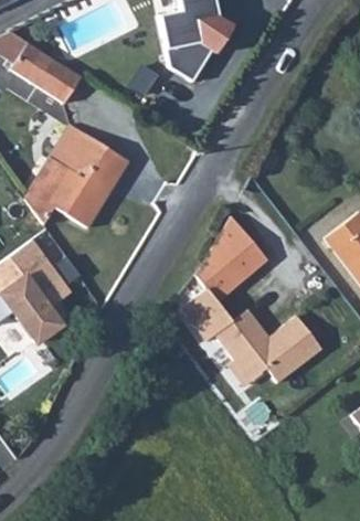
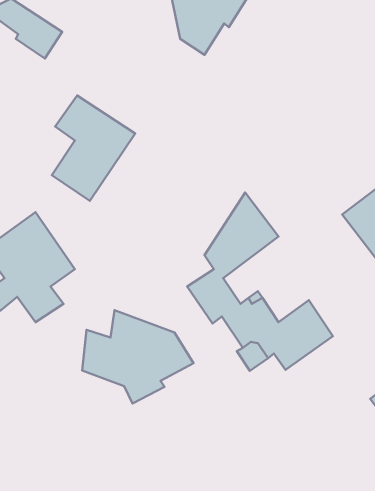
building: [43,64,86,105] -> none
building: [25,155,72,216] -> none
building: none -> [82,310,193,403]

